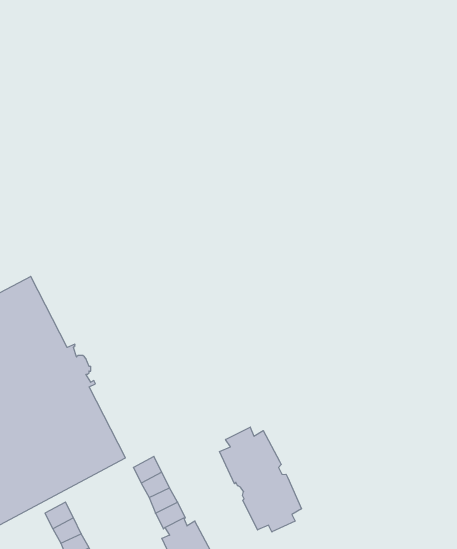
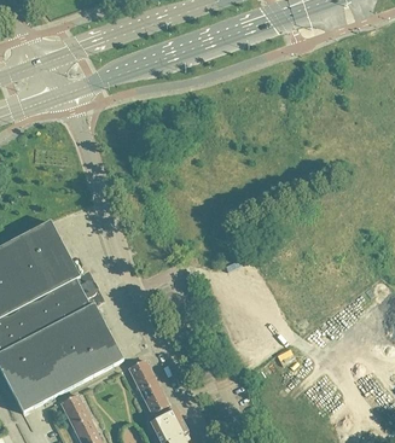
building: [219,427,301,532] -> none

